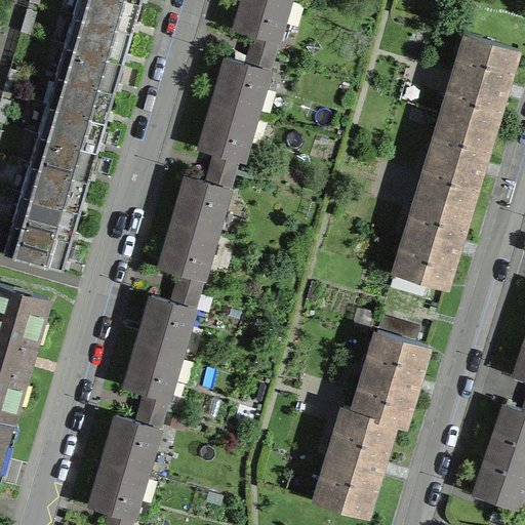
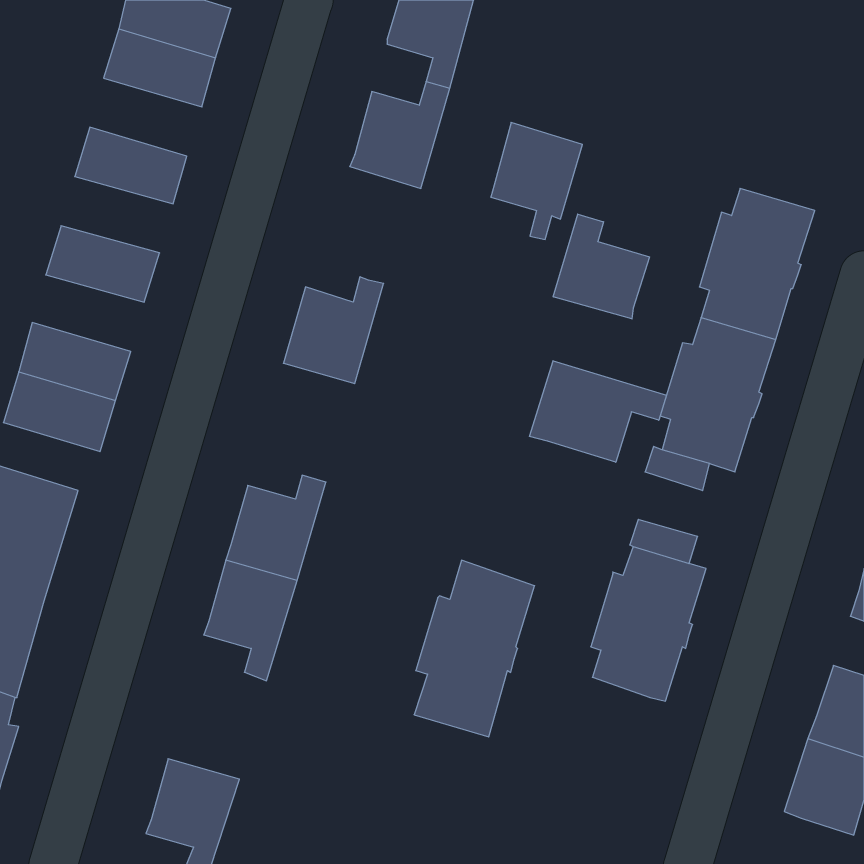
building: [446,36,516,129] -> none
building: [54,49,122,96] -> none
building: [199,103,254,173] -> [491,122,582,239]
building: [37,109,105,155] -> none
building: none -> [553,214,650,319]
building: [19,168,87,214] -> none
building: none -> [530,361,667,462]
building: [159,221,214,293] -> none
building: [102,408,161,473] -> none
building: [320,408,393,515] -> [414,560,535,737]

